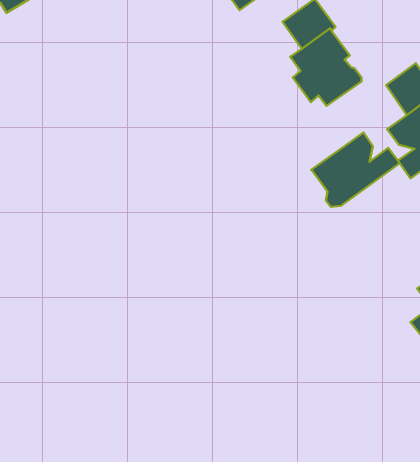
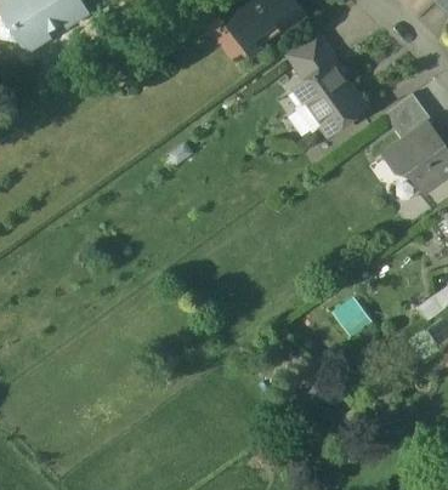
building: [311,133,400,207] -> none

